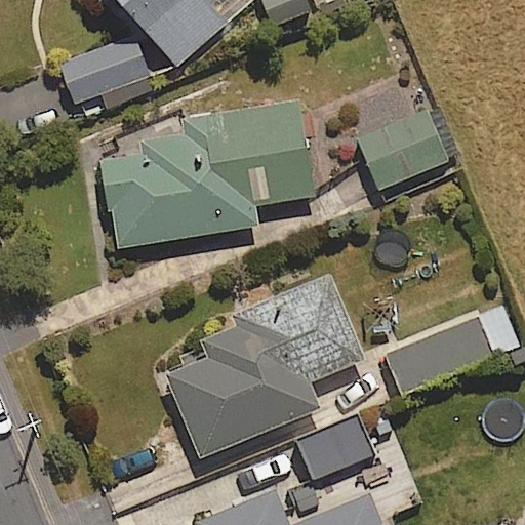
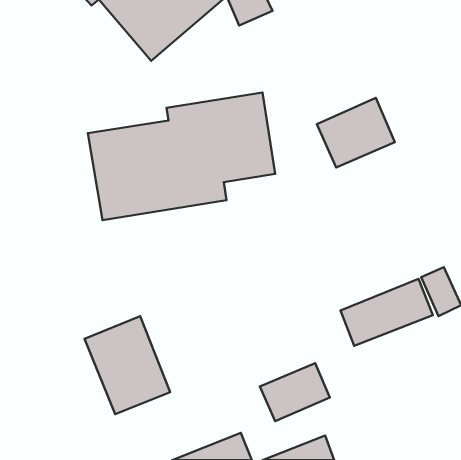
building: [59,37,147,104] -> none
building: [167,279,363,457] -> none
building: none -> [84,316,170,414]

